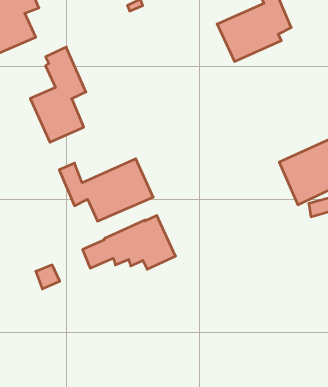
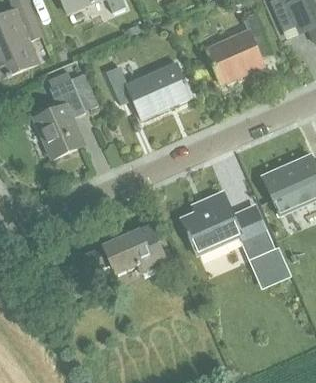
building: [59,159,153,221] -> [106,61,192,118]
building: none -> [182,191,269,253]
building: none -> [252,249,284,282]

